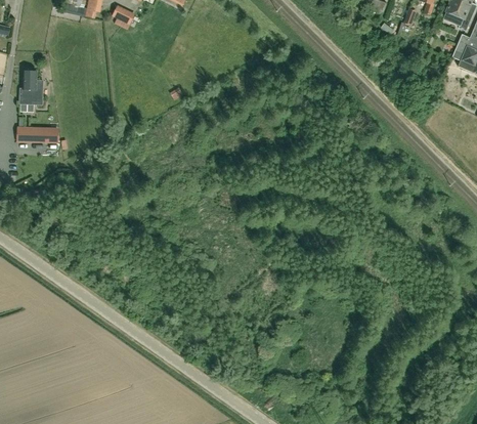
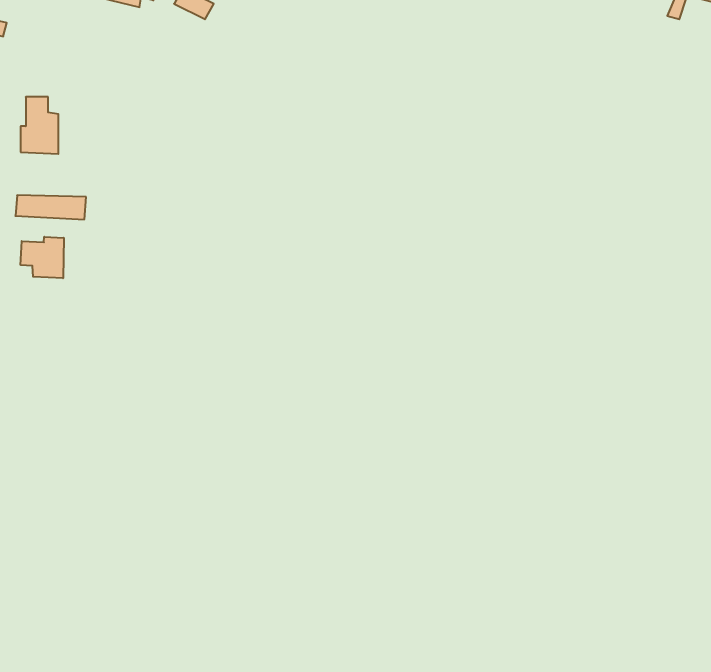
building: none -> [21,237,64,278]

